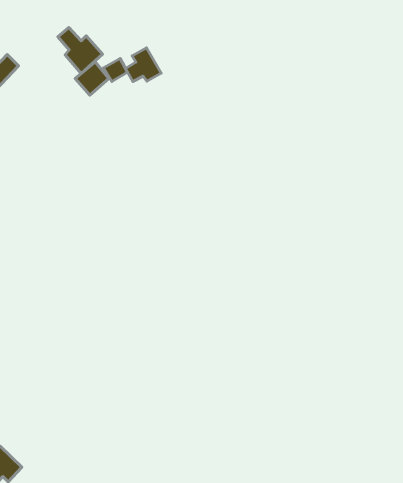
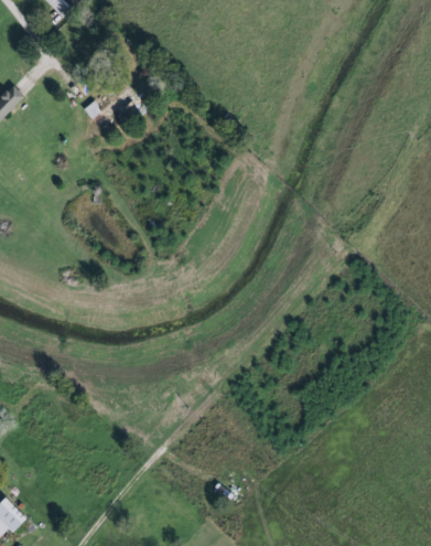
building: [58,27,102,73] -> none
building: [126,48,161,82] -> none

